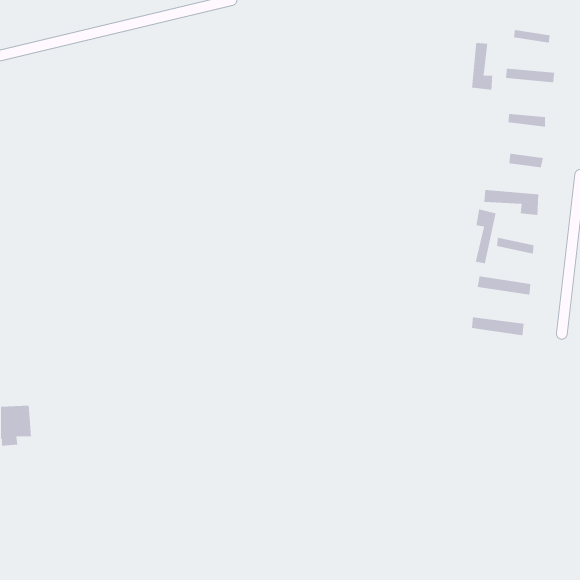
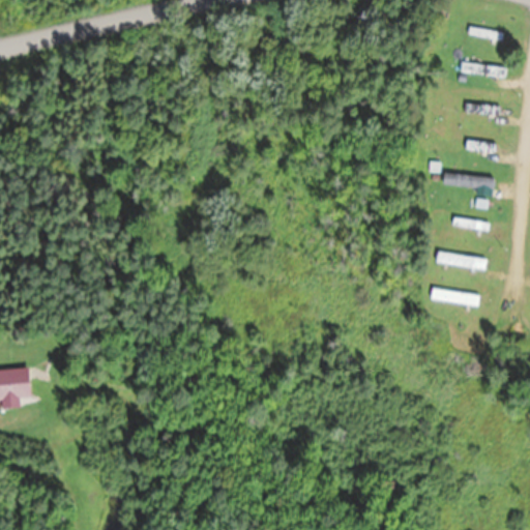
building: [472,42,493,91] -> none
building: [475,209,496,264] -> none

